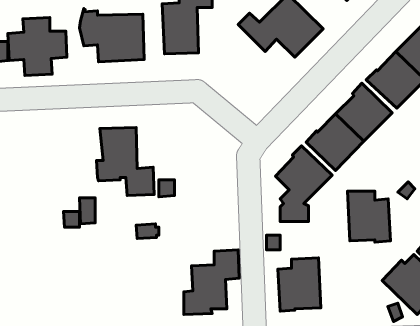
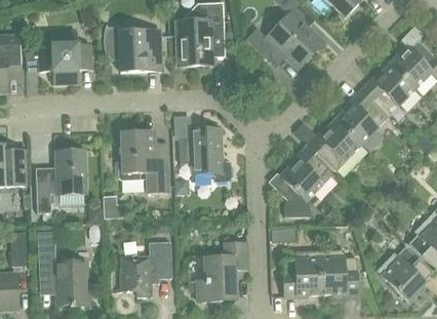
building: none -> [178,128,229,181]
building: none -> [35,150,85,212]
building: [347,191,391,242] -> [319,249,358,295]
building: none -> [120,241,171,296]
building: none -> [38,243,88,306]

